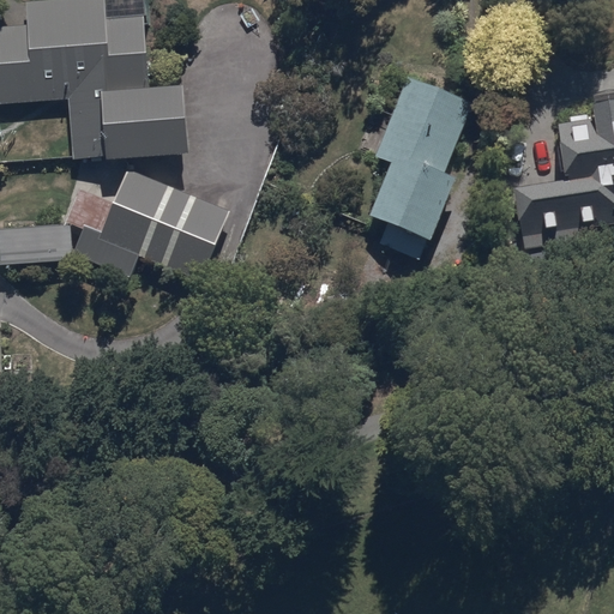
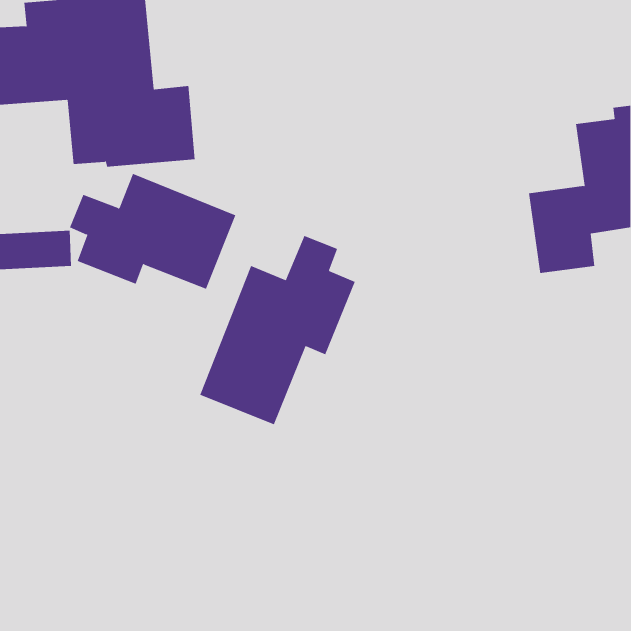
building: [369,74,471,259] -> none
building: none -> [199,235,355,425]

